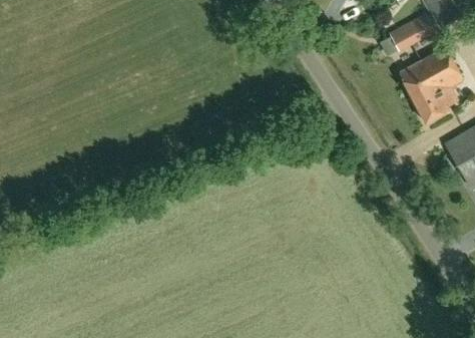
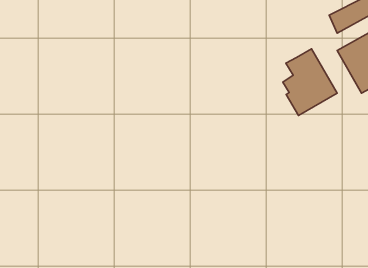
building: none -> [283,49,337,115]

